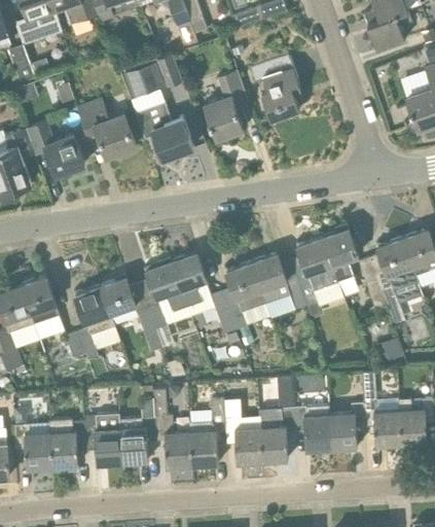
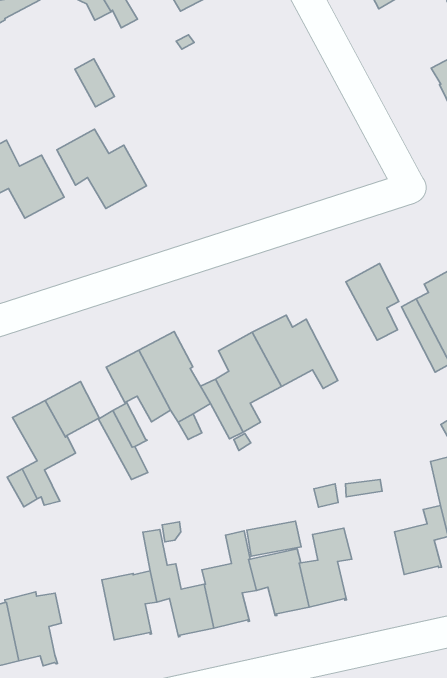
building: [253,59,301,121] -> none
building: [123,63,165,100] -> none
building: [204,72,248,140] -> none
building: [291,238,338,306] -> none
building: [294,406,331,451] -> none
building: [85,414,121,465] -> none

